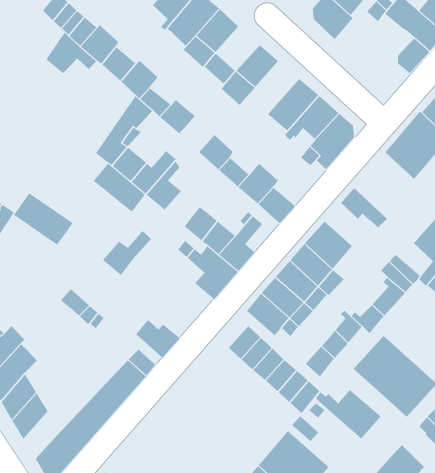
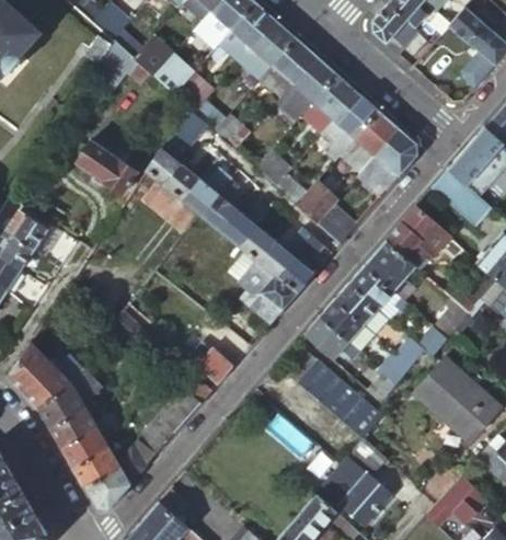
building: none -> [272,39,318,85]
building: none -> [304,76,358,130]
building: none -> [432,170,490,226]
building: [13,193,73,246] -> [77,140,139,195]
building: none -> [384,222,432,271]
building: [102,230,152,276] -> [219,199,271,246]
building: [315,389,382,440] -> none
building: none -> [72,438,112,487]

